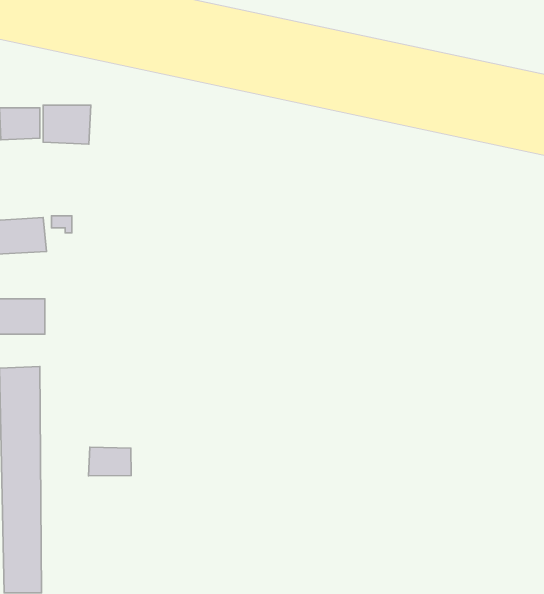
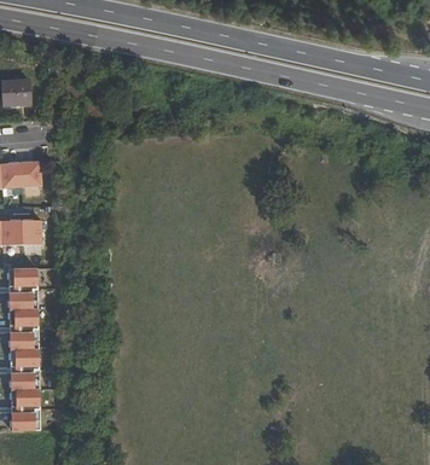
building: [43,105,91,144] -> none
building: [88,447,131,476] -> none

